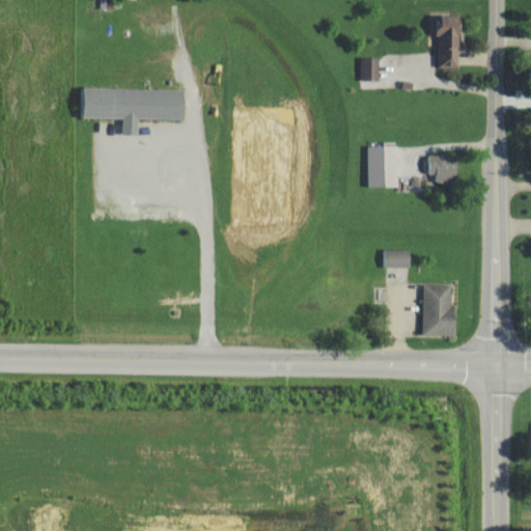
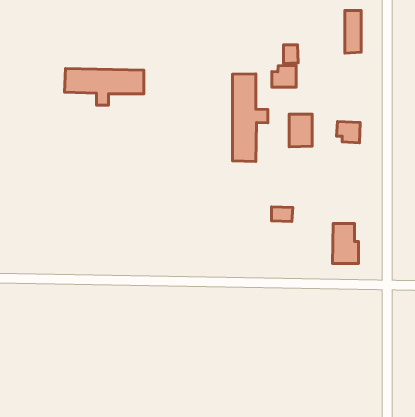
building: none -> [272,66,296,87]
building: none -> [232,74,268,162]
building: [383,249,410,268] -> [271,207,293,221]

